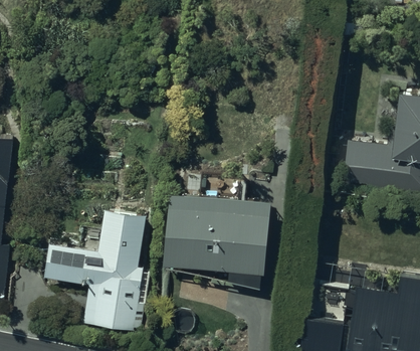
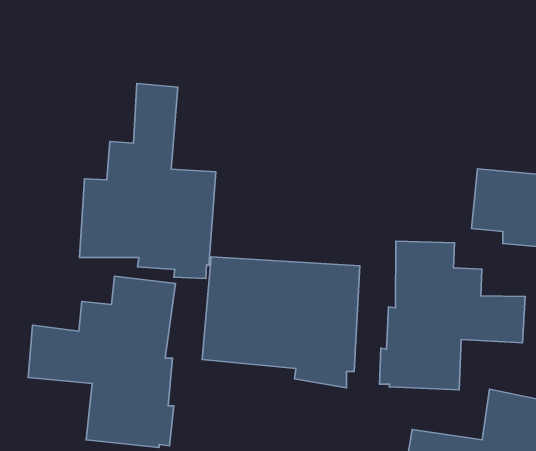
building: none -> [80,84,216,278]
building: none -> [380,241,525,390]

